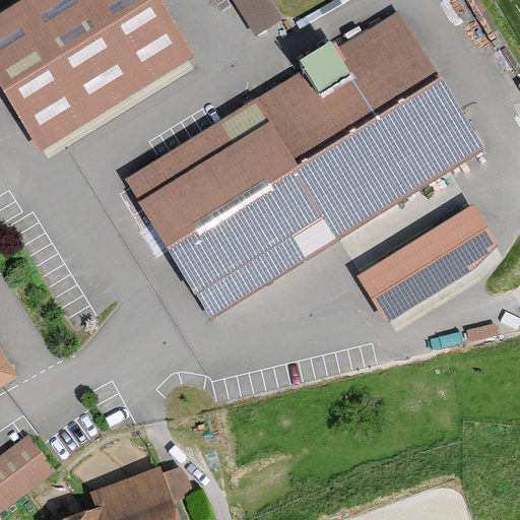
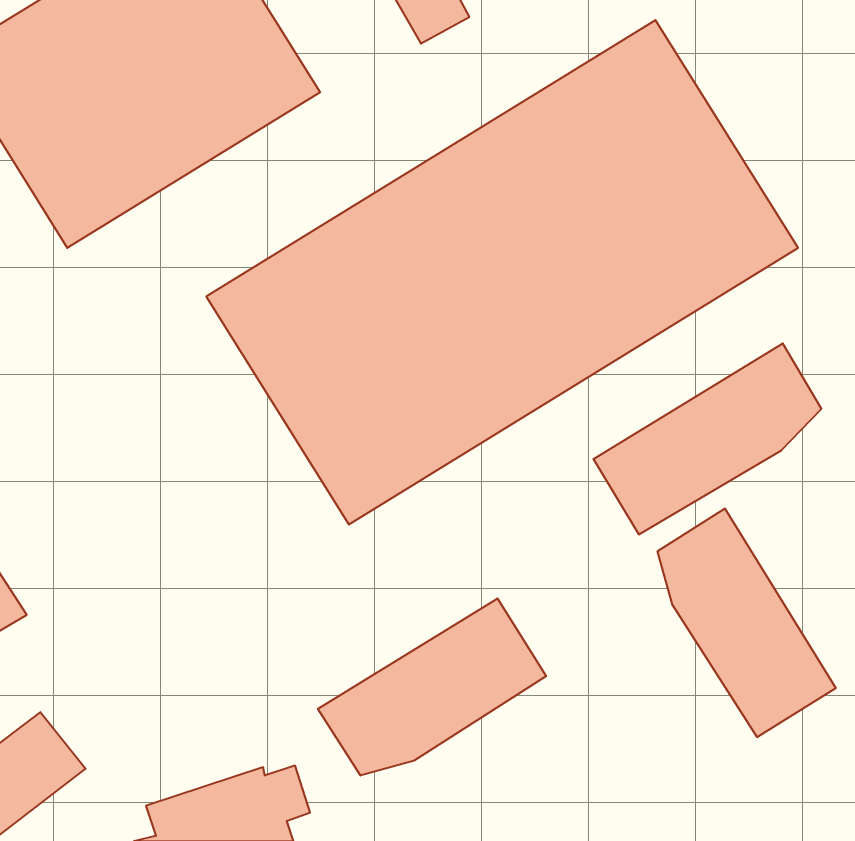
building: none -> [658,508,836,737]
building: none -> [318,598,546,776]

